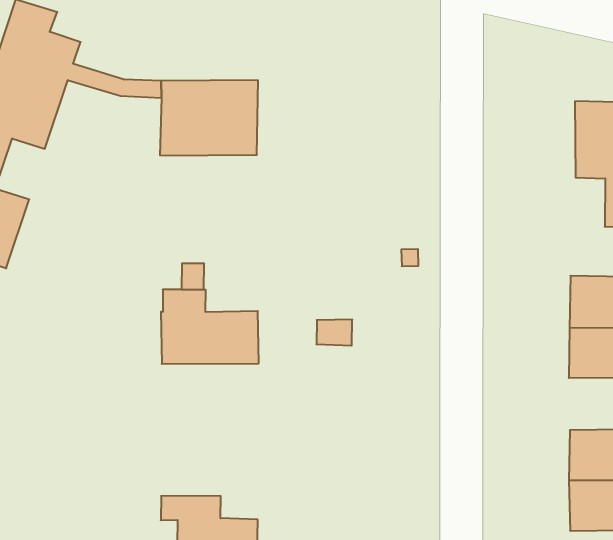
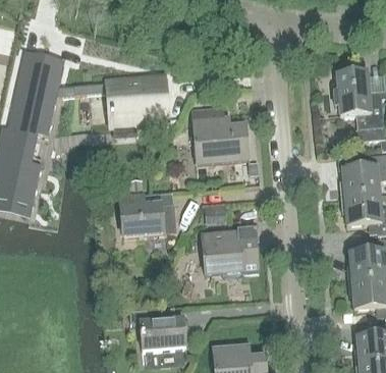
building: none -> [191,105,249,161]
building: none -> [203,229,259,274]

